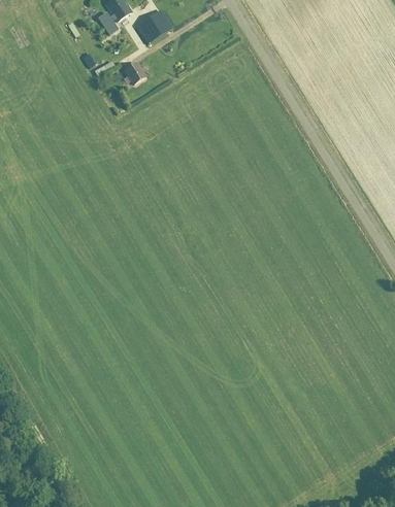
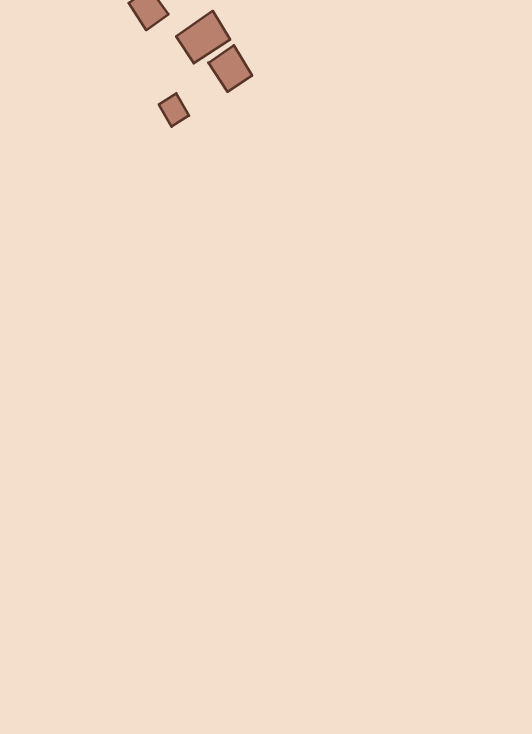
building: none -> [208,45,252,92]

